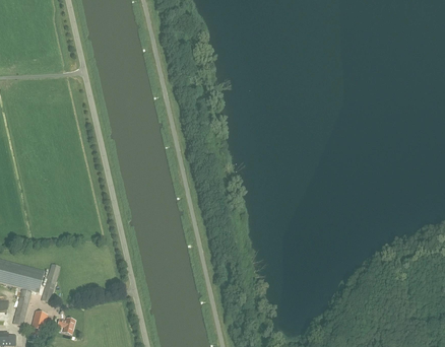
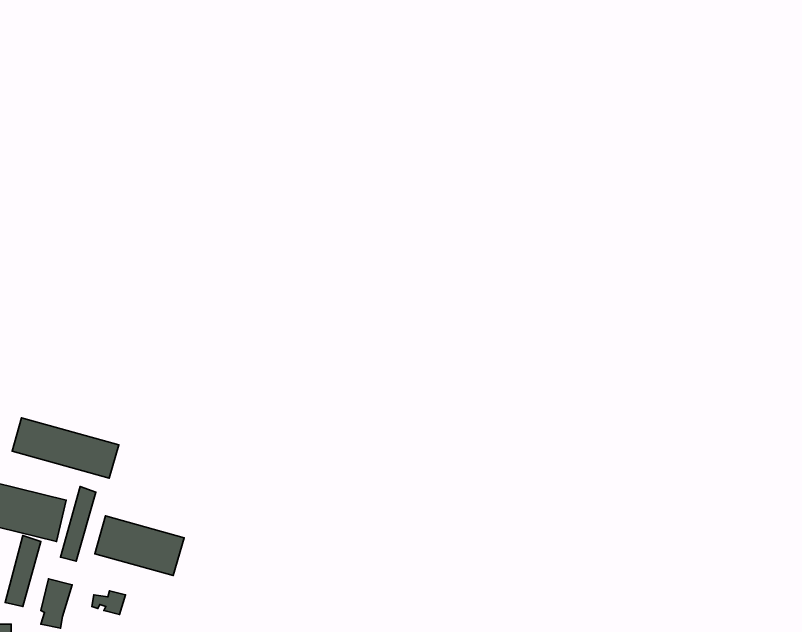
building: none -> [12,418,119,478]
building: none -> [95,516,184,576]

